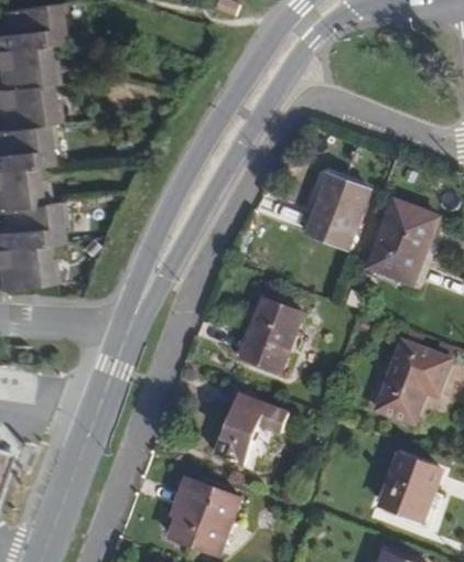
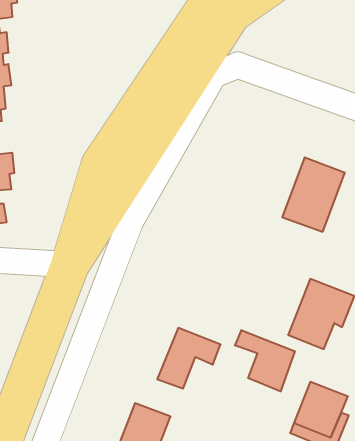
building: [306,166,367,241] -> none
building: [235,295,296,370] -> none
building: none -> [235,330,295,391]

